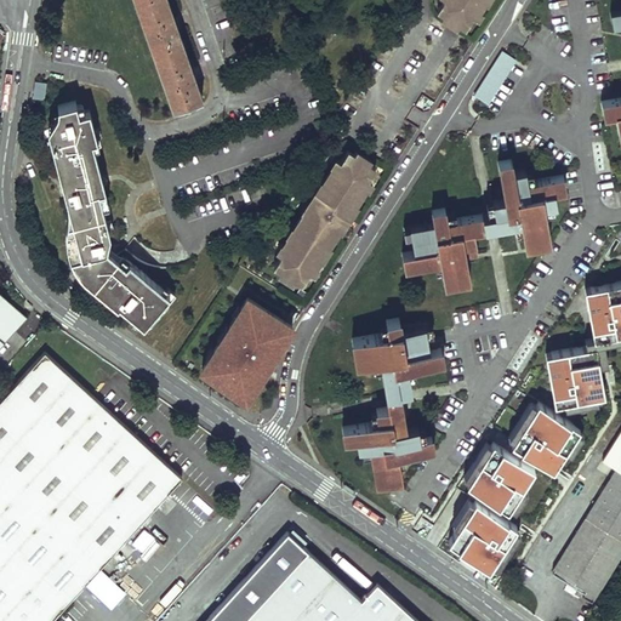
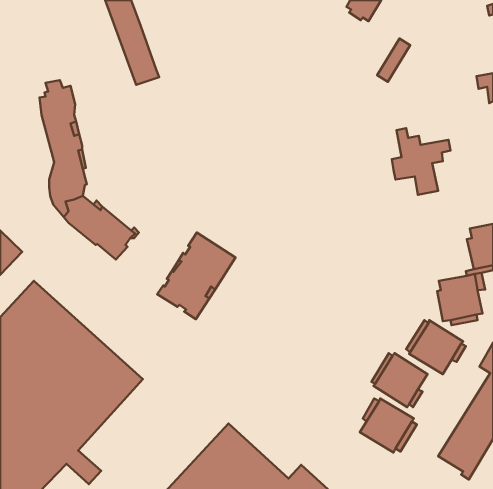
building: [272,155,374,289] -> none
building: [404,216,497,287] -> none
building: [342,324,443,489] -> none

